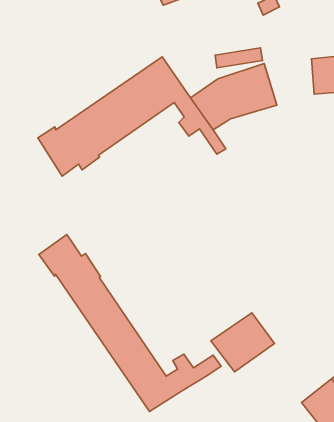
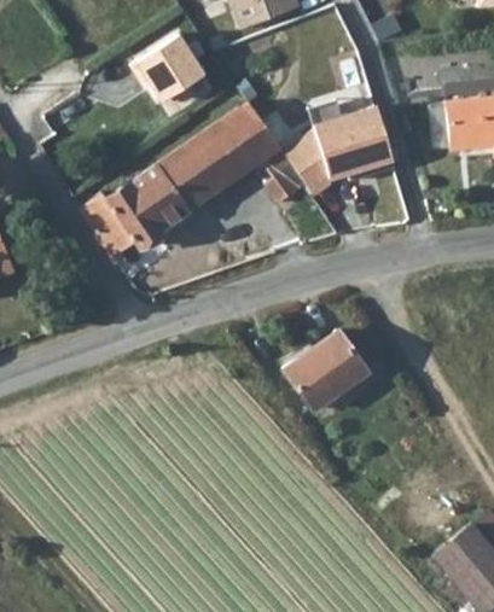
building: none -> [126,34,200,101]
building: [39,235,221,411] -> none
building: [211,313,275,372] -> [284,331,368,409]

